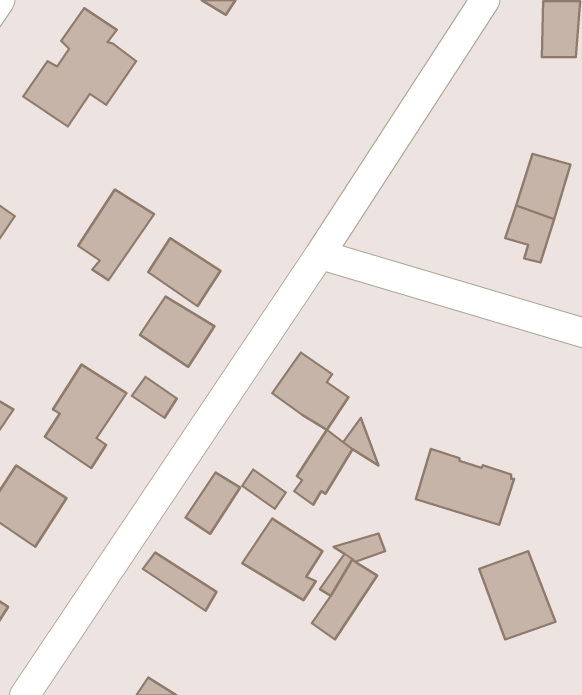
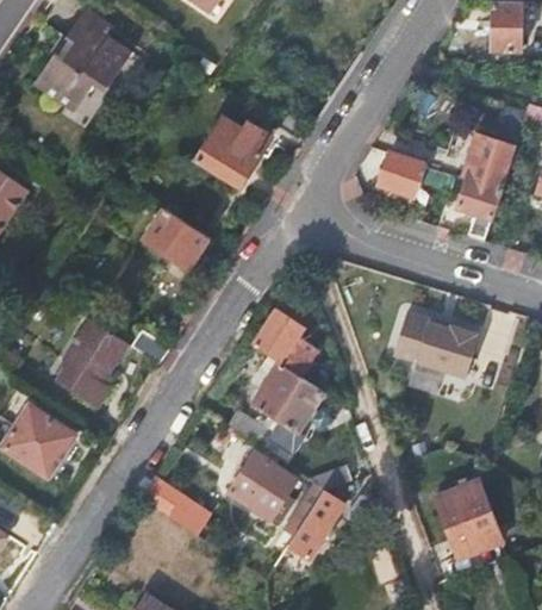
building: none -> [195,117,273,187]
building: none -> [378,155,420,197]
building: [78,189,154,280] -> none
building: [140,297,215,367] -> none
building: [416,449,514,525] -> [393,311,479,378]
building: [186,472,240,534] -> [253,363,300,417]

